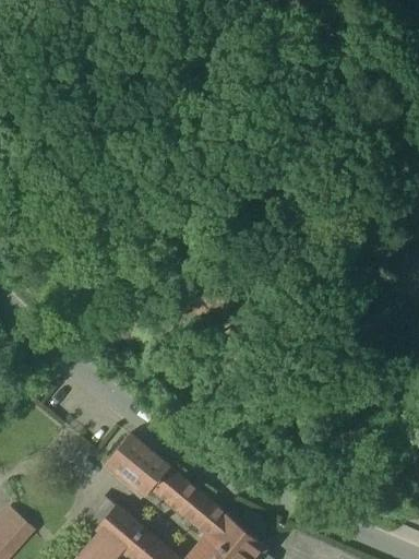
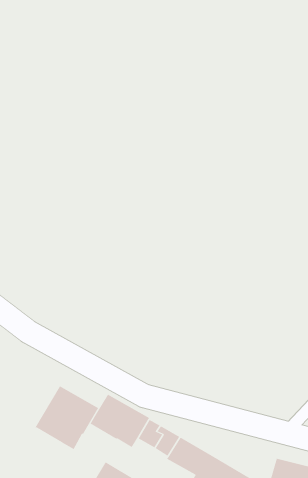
building: none -> [35,385,99,450]

